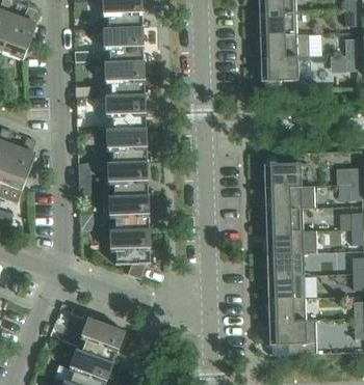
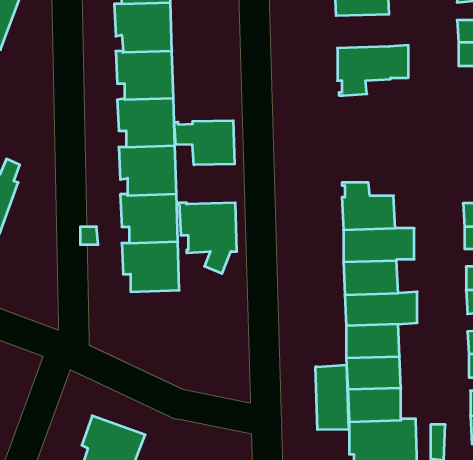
building: [259,34,309,59] -> none
building: none -> [174,121,235,165]
building: [109,229,150,279] -> [179,203,237,274]
building: none -> [316,365,348,430]

